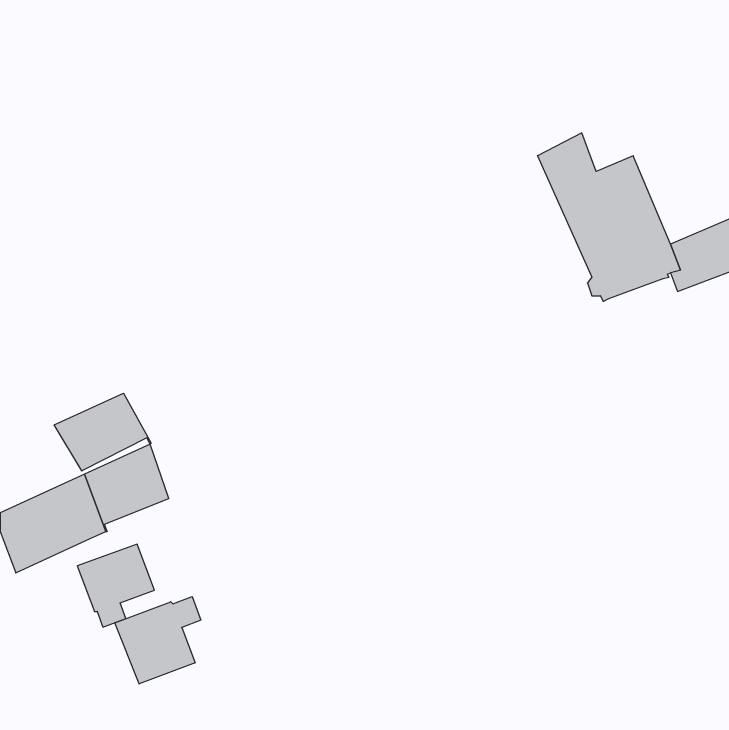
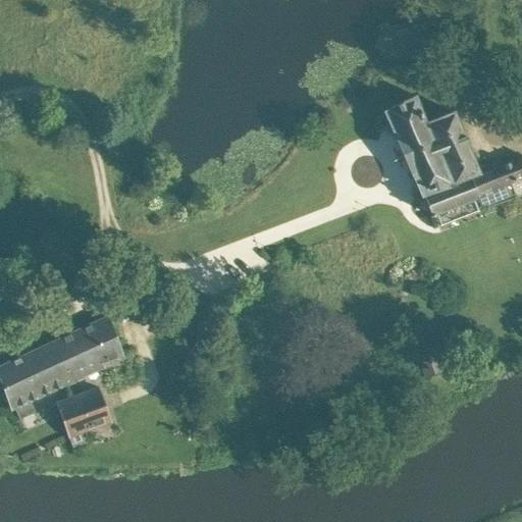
building: [54,393,151,471] -> none
building: [115,597,201,684] -> none

